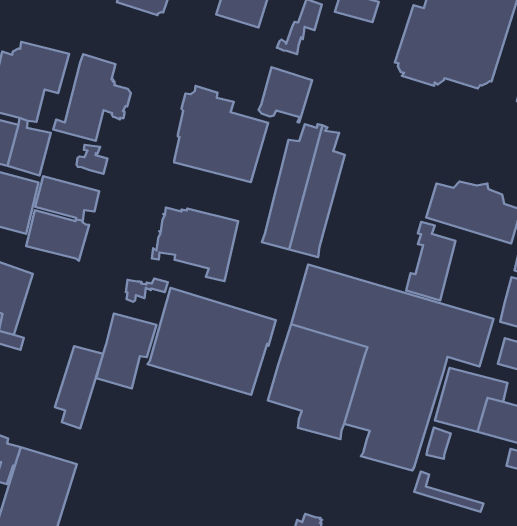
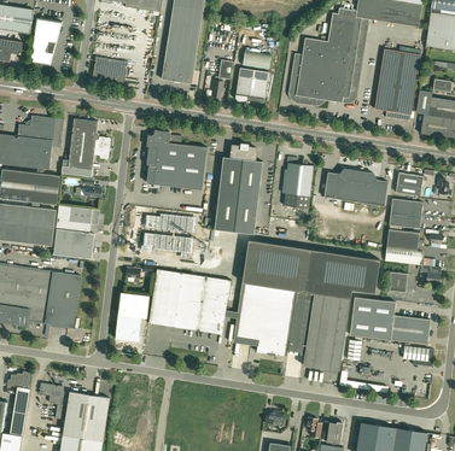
building: [259,67,312,122] -> [234,68,268,102]
building: [406,222,456,301] -> [284,157,313,209]
building: [55,346,103,428] -> [53,273,81,328]

